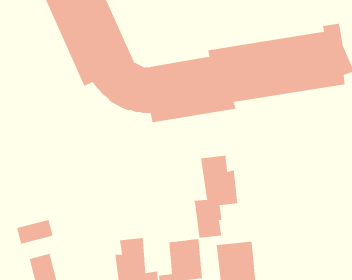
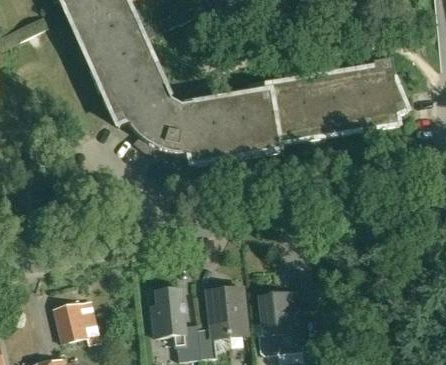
building: [194,155,238,238] -> none
building: [16,219,53,245] -> none

